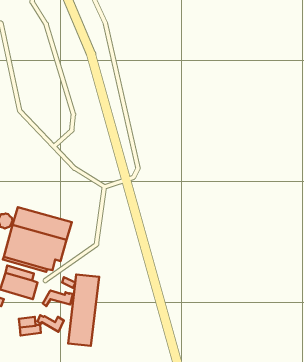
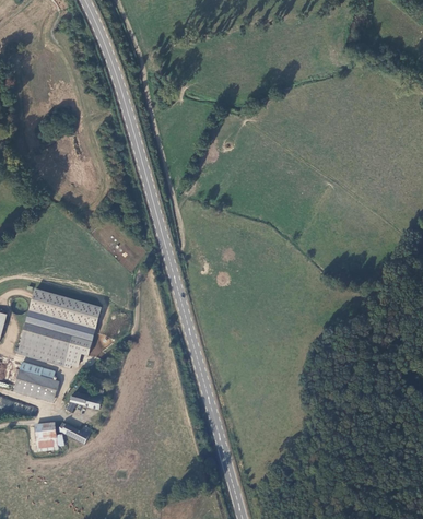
building: [68,275,99,346] -> none

